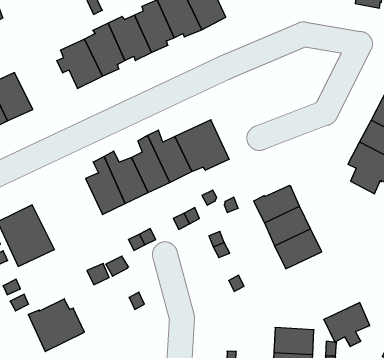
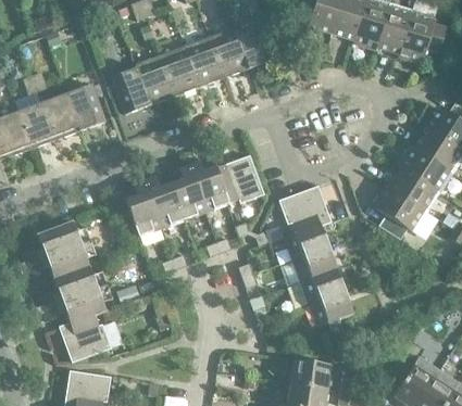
building: none -> [66,84,104,130]
building: none -> [278,186,330,233]
building: none -> [53,266,105,323]
building: [324,303,370,347] -> [309,291,352,332]

